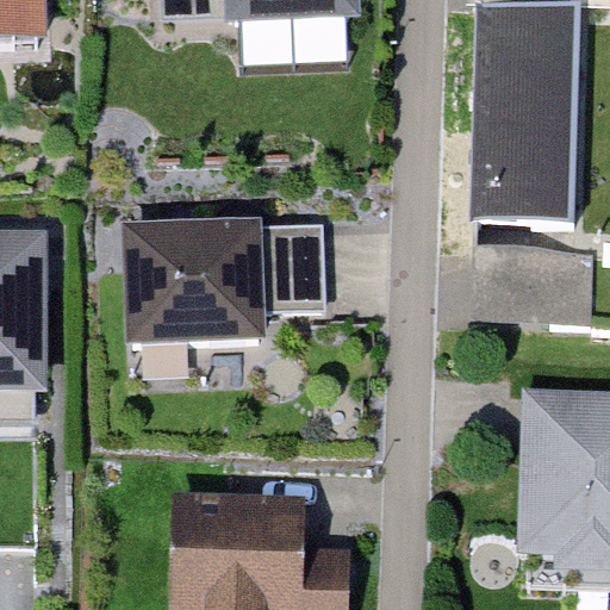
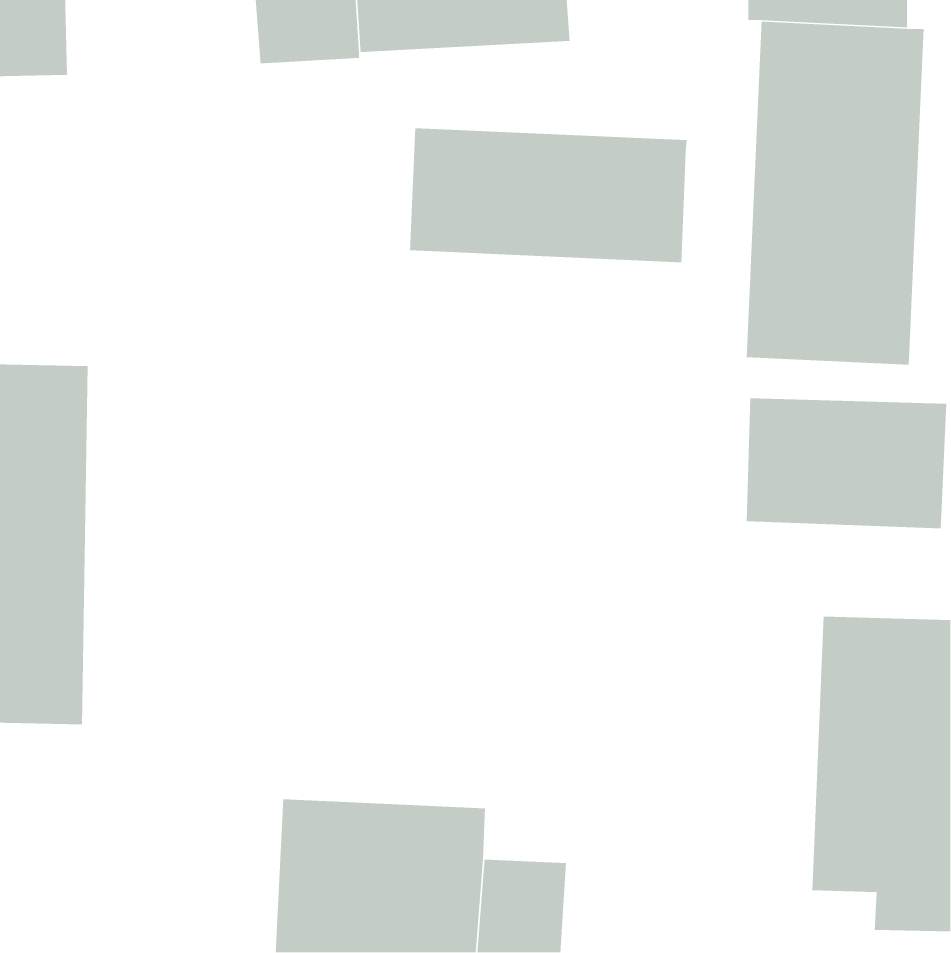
building: none -> [409,127,688,263]
building: [120,213,325,332] -> none

